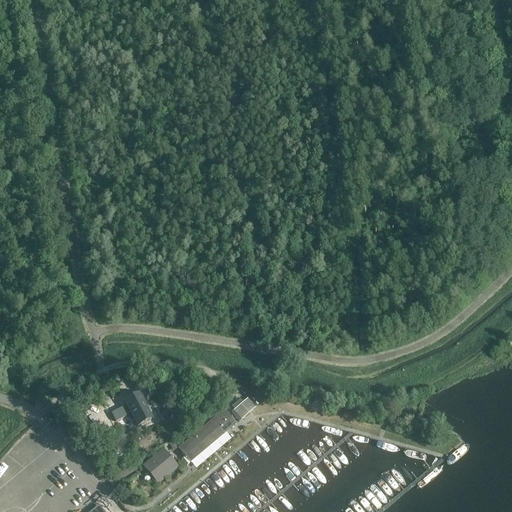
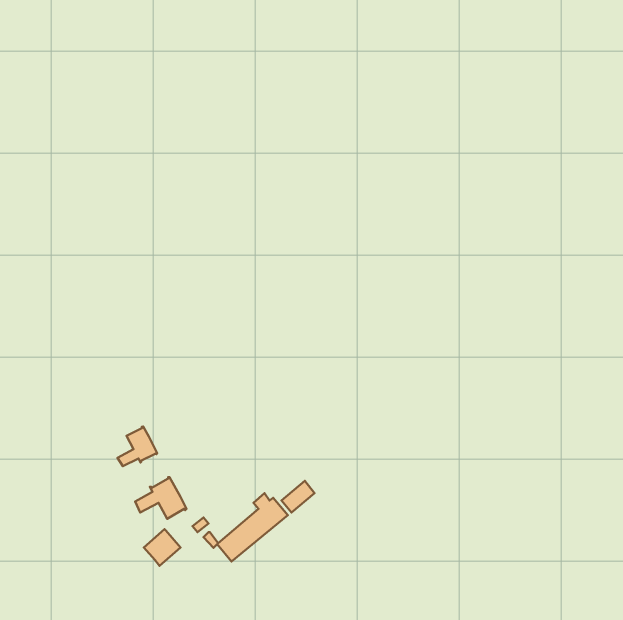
building: none -> [118,427,157,466]
building: [145,449,175,479] -> [144,529,180,566]

